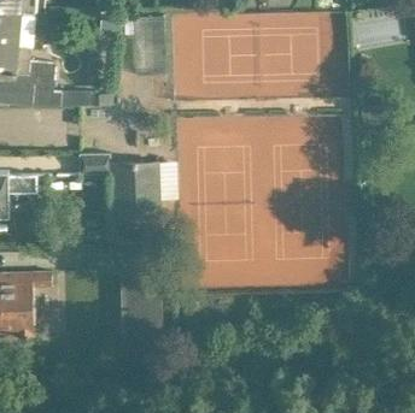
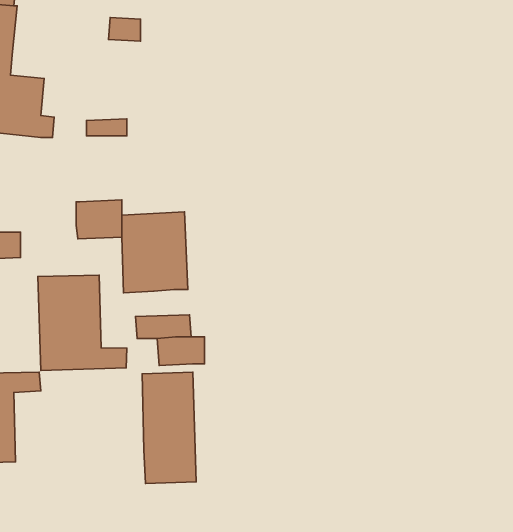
building: none -> [38,275,127,370]

